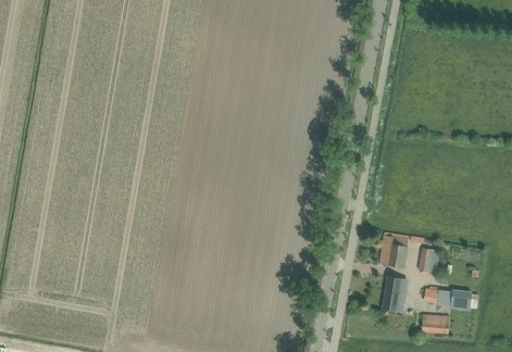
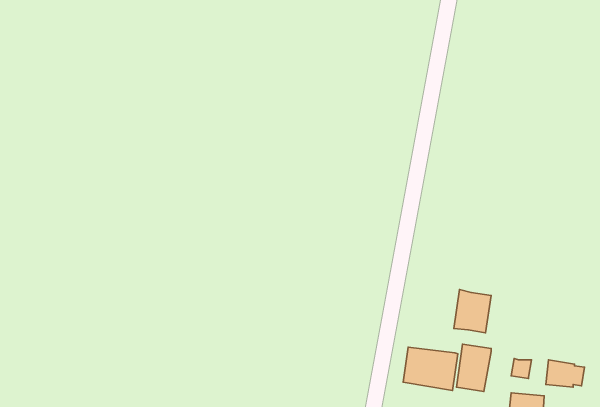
building: [419,247,439,274] -> none
building: none -> [403,347,458,391]

